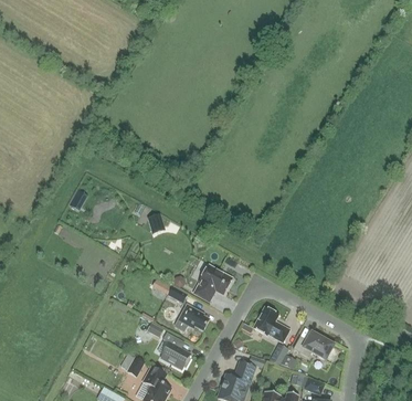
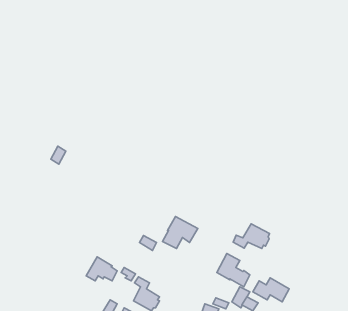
building: none -> [233,224,270,249]
building: [175,304,209,330] -> [86,257,117,281]

